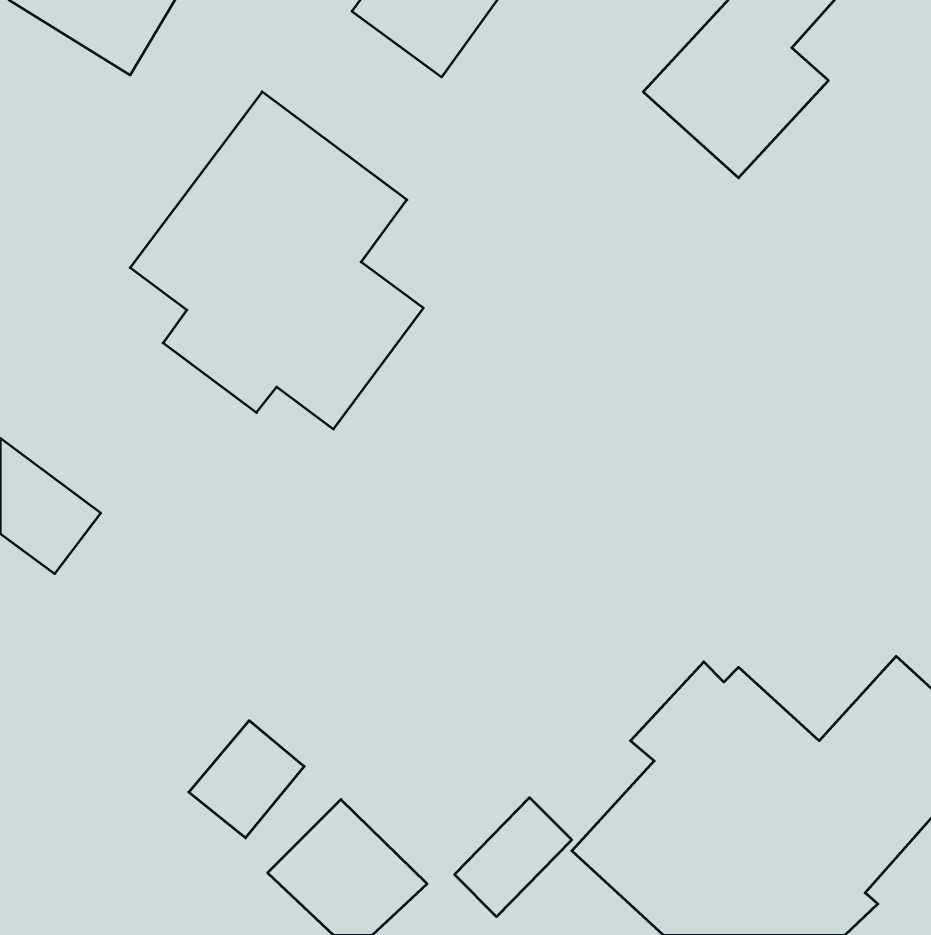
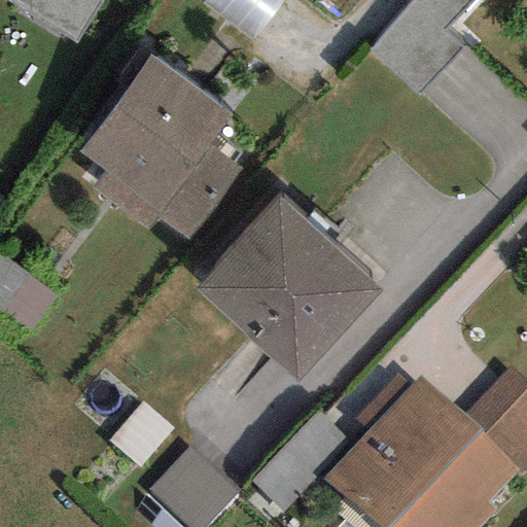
building: none -> [199,192,386,377]

